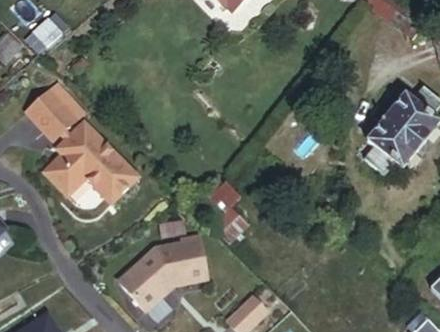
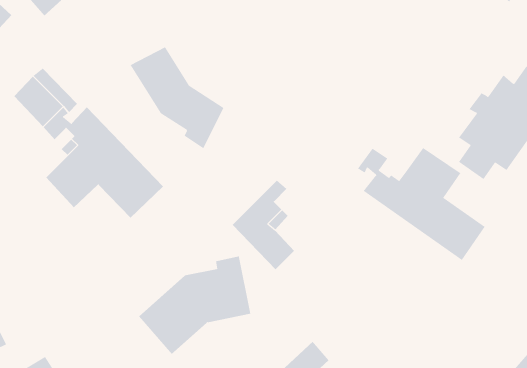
building: none -> [130,46,224,149]
building: none -> [357,147,485,261]

